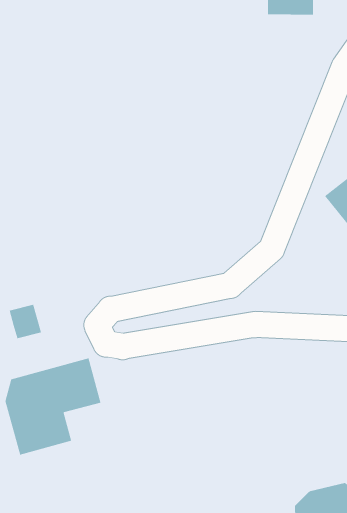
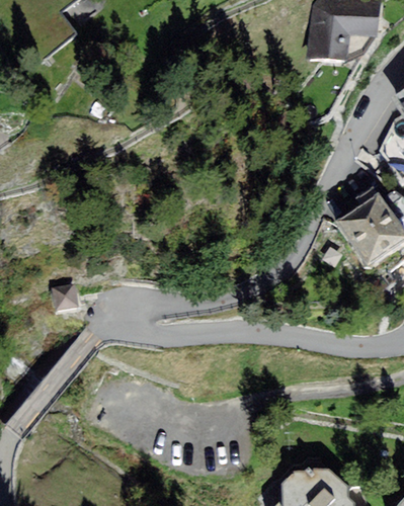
building: [5,358,101,456] -> none

